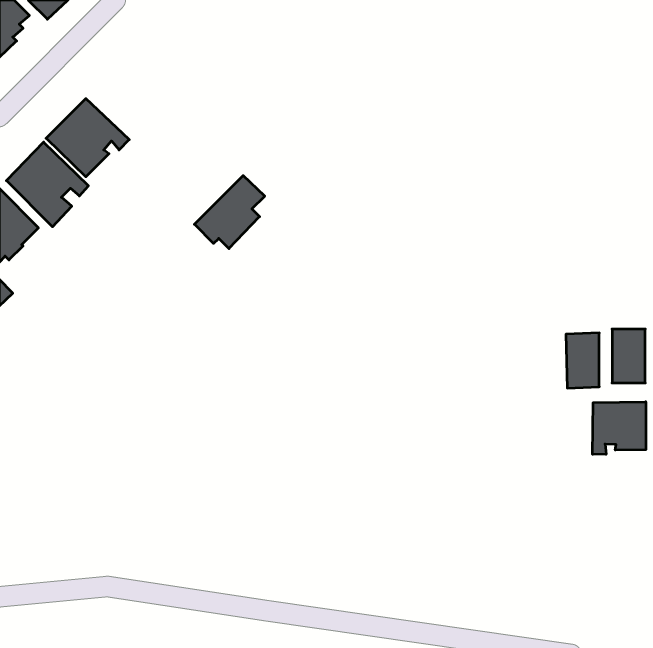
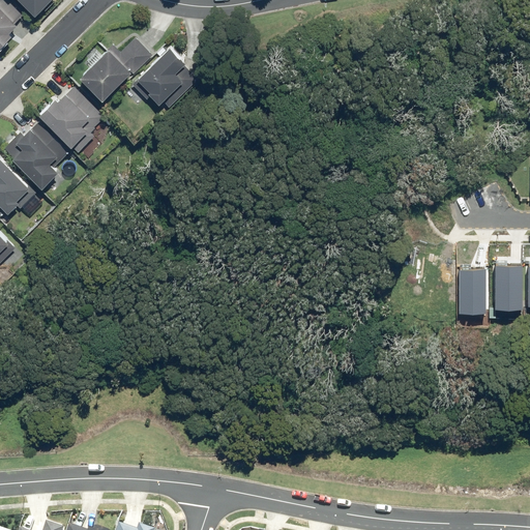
building: none -> [78,37,152,100]
building: [194,176,265,249] -> [130,47,187,106]
building: [593,402,646,454] -> none

